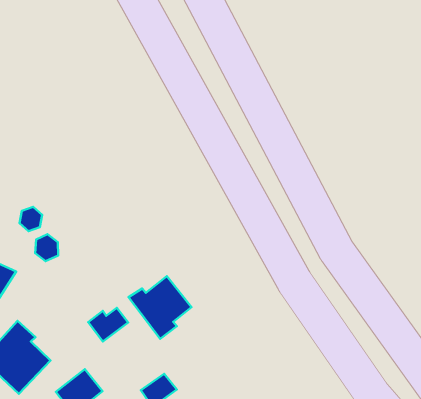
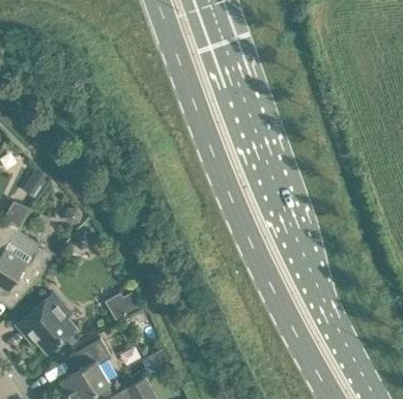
building: [129,276,191,339] -> none

